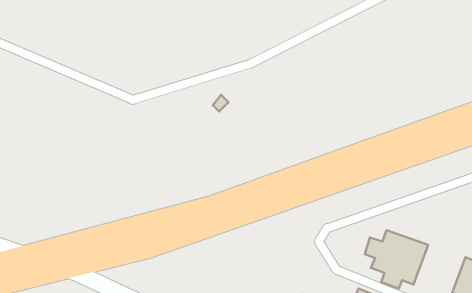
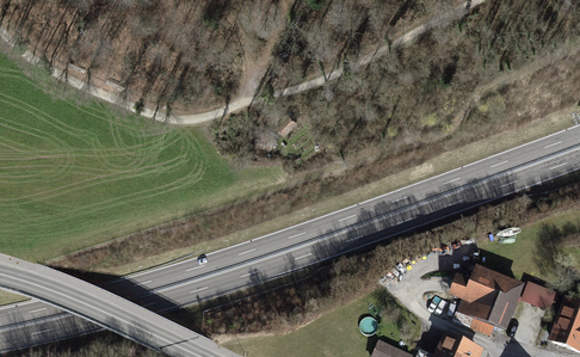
building: none -> [523,282,557,310]

